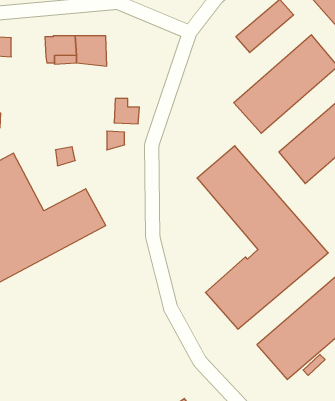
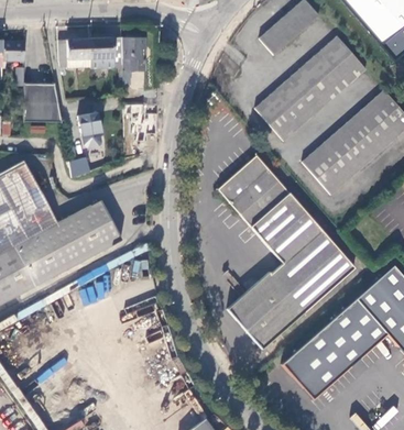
building: none -> [122,37,143,84]
building: none -> [22,84,63,121]
building: none -> [77,112,100,147]

